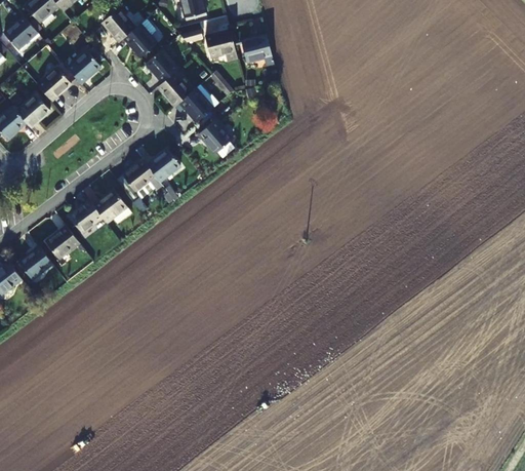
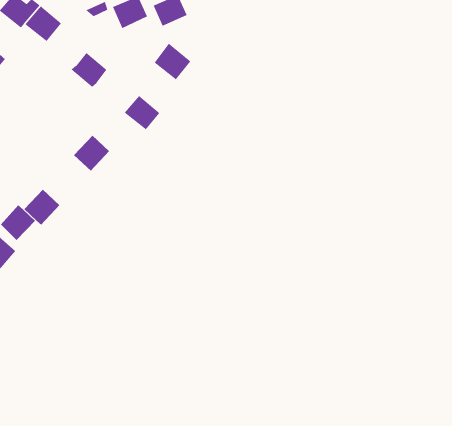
building: [146,49,179,84] -> none
building: [179,88,213,123] -> [154,43,191,80]
building: [123,160,162,200] -> none

